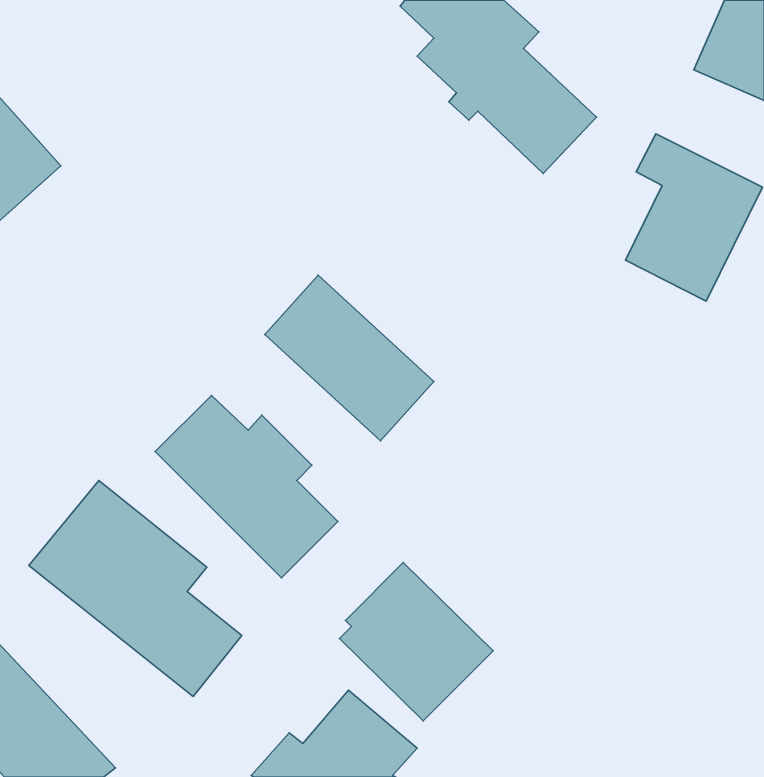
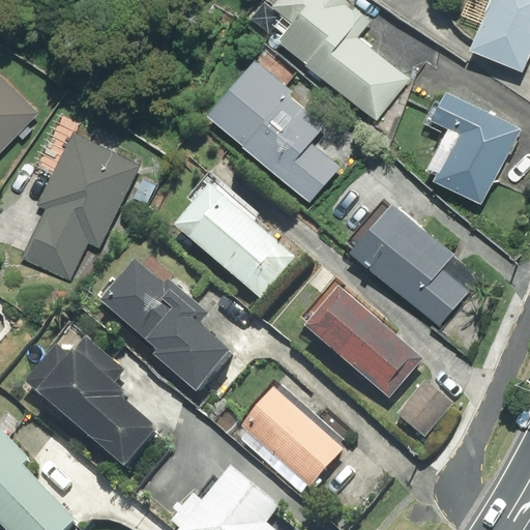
building: none -> [207,60,341,204]
building: none -> [16,128,143,279]
building: none -> [353,200,478,327]
building: none -> [305,284,421,395]
building: none -> [391,380,451,441]

